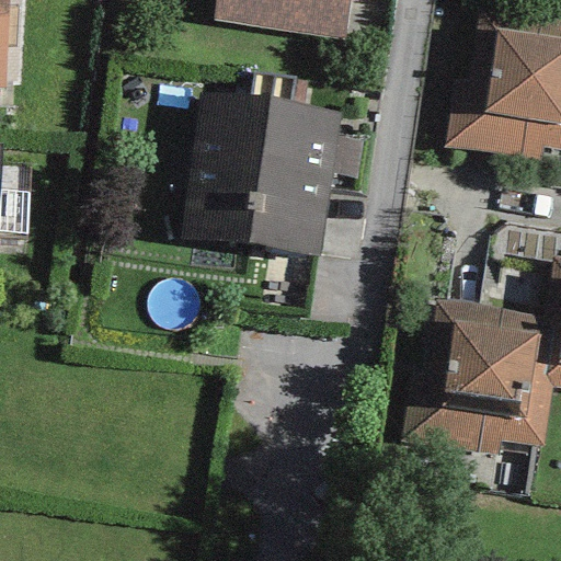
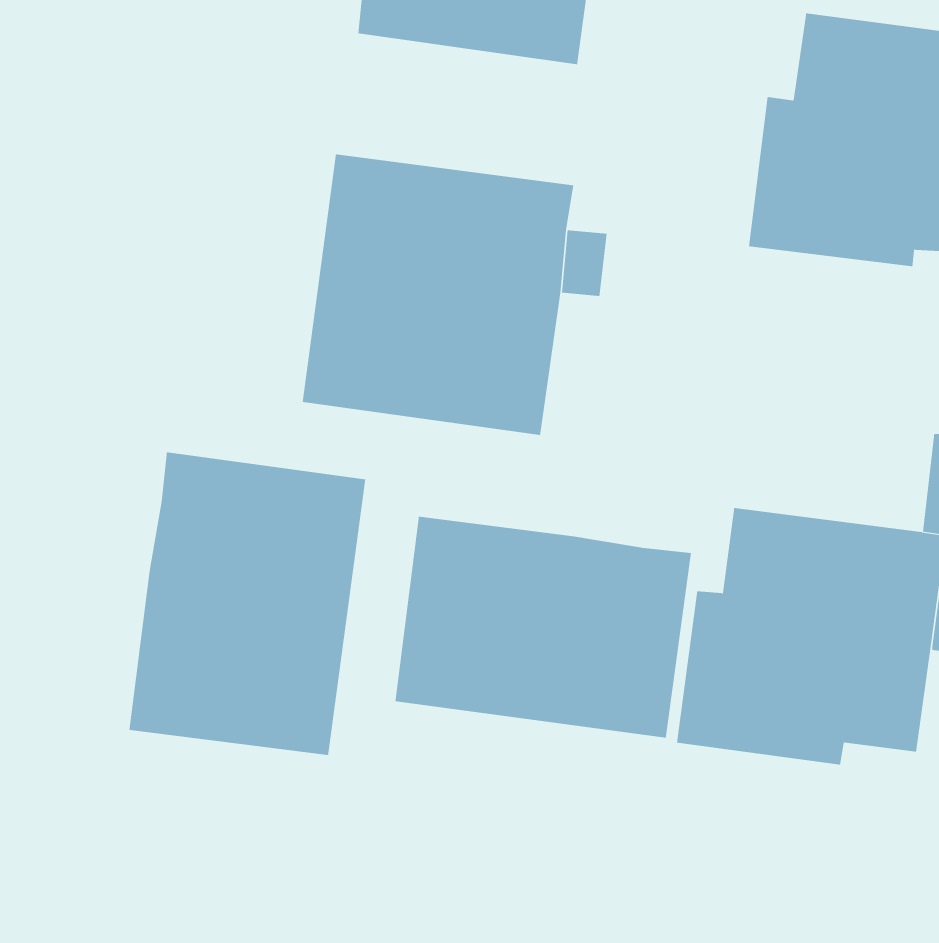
building: none -> [129,451,366,756]
building: none -> [395,516,692,738]

